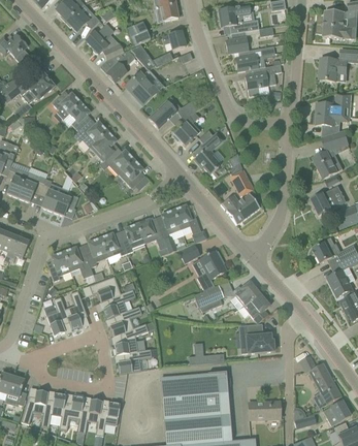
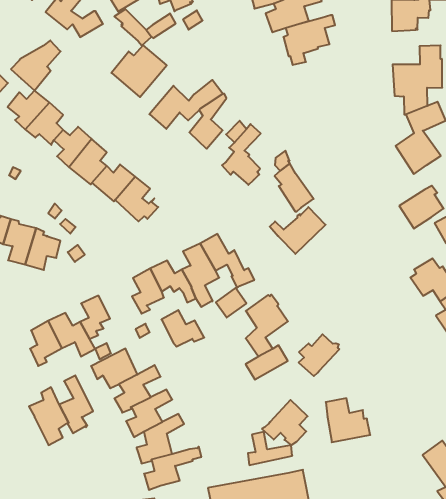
building: [99,50,134,83] -> [11,40,61,91]
building: [99,232,127,257] -> [161,310,204,347]
building: [237,292,269,323] -> [262,400,308,445]

